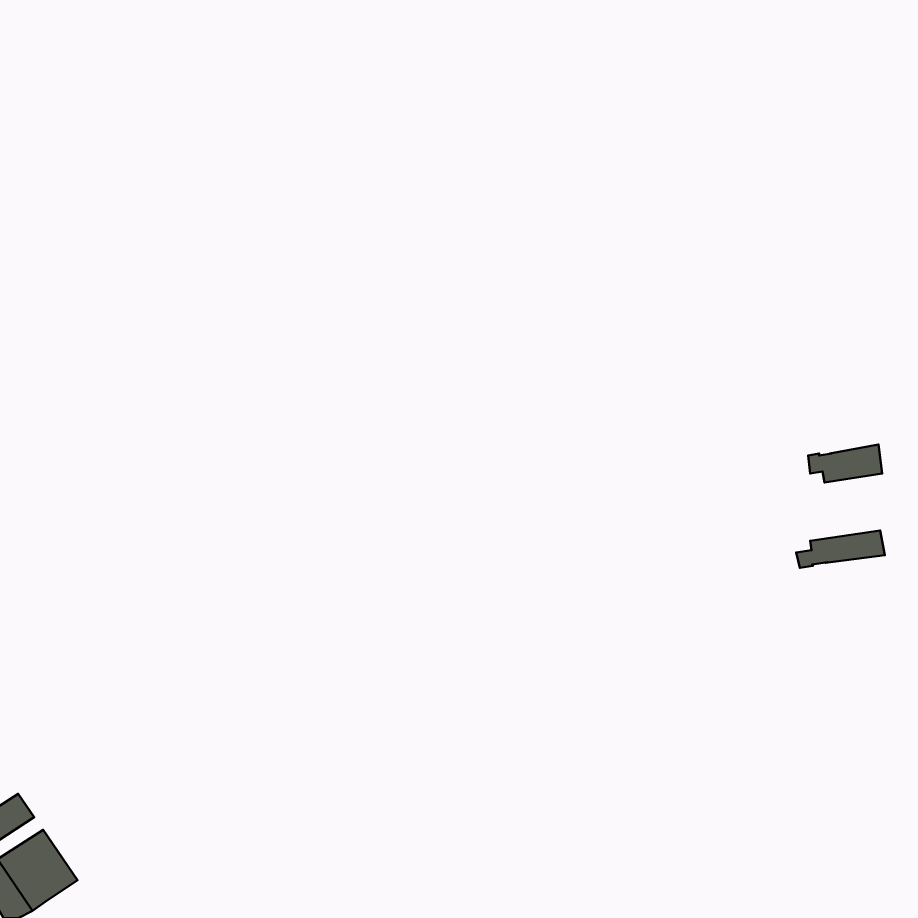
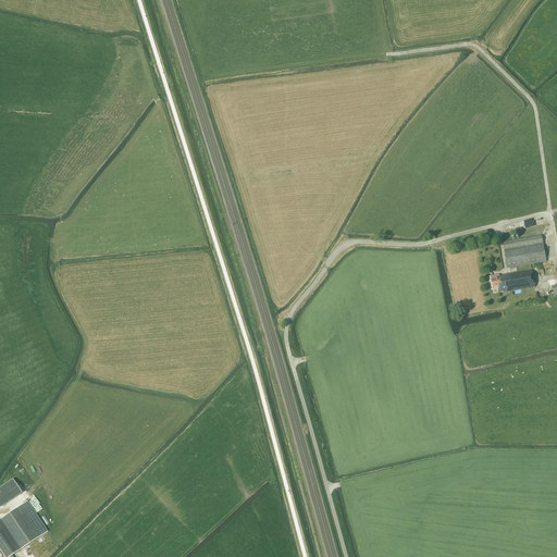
building: none -> [502,234,545,268]
building: [796,530,885,568] -> none

